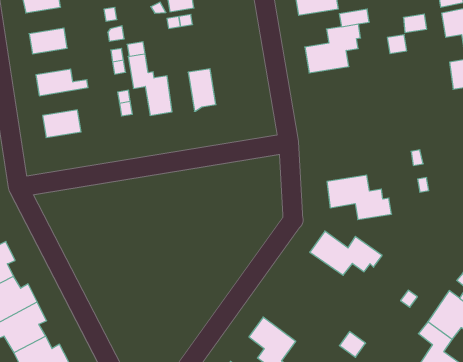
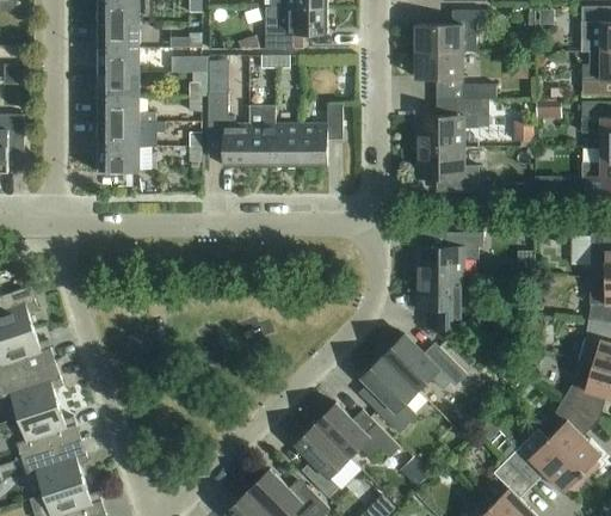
building: none -> [97,23,138,48]
building: none -> [301,103,341,166]
building: none -> [97,72,138,97]
building: none -> [248,106,274,170]
building: none -> [415,147,477,192]
building: none -> [97,122,155,146]
building: none -> [415,232,482,277]
building: none -> [362,356,416,432]
building: none -> [315,403,400,460]

